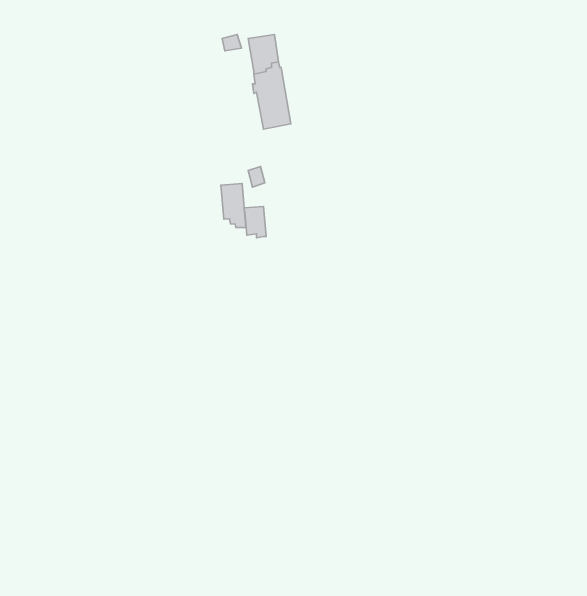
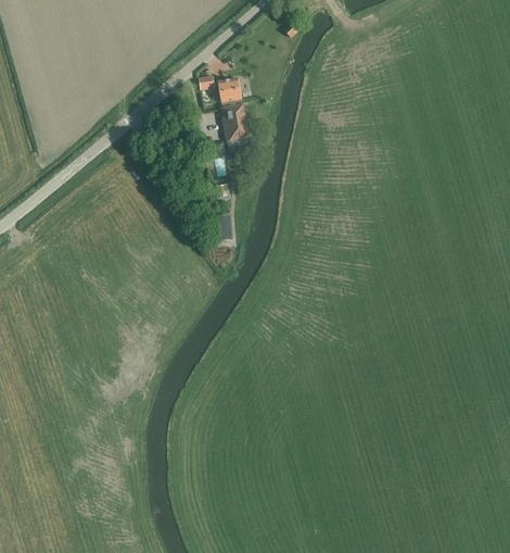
building: [221,183,246,228] -> none

